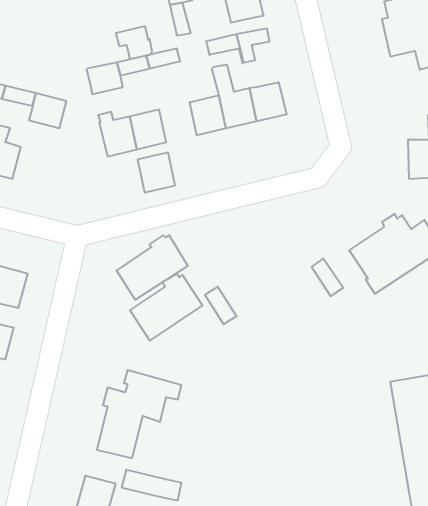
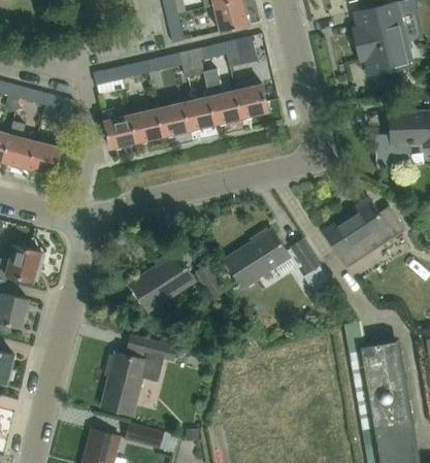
building: [116,26,152,59] -> [172,47,204,76]
building: none -> [28,140,63,175]
building: [138,153,175,193] -> [157,101,190,136]
building: [116,235,188,300] -> [226,229,289,286]

